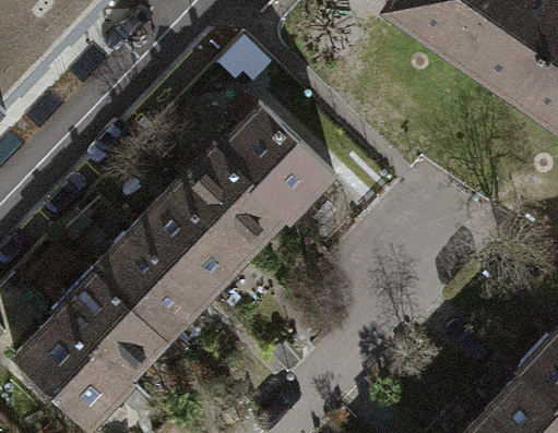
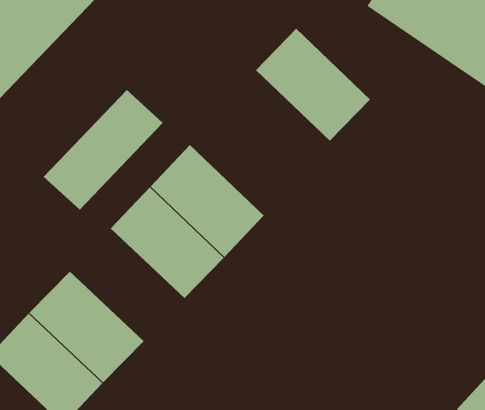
building: none -> [43,89,164,210]
building: [209,105,325,219] -> [255,28,371,142]
building: [87,232,203,346] -> none

